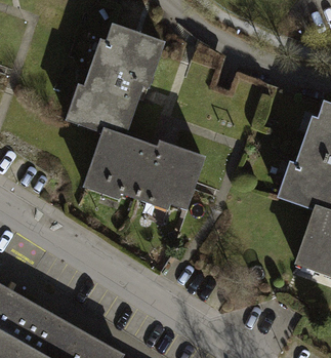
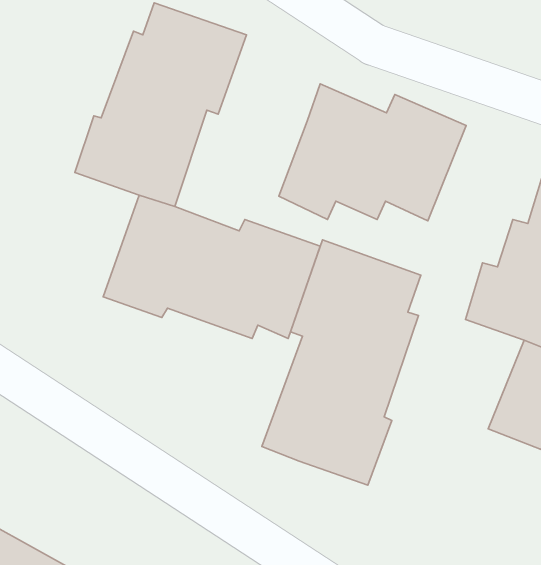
building: none -> [279,84,466,221]
building: none -> [262,240,421,485]

